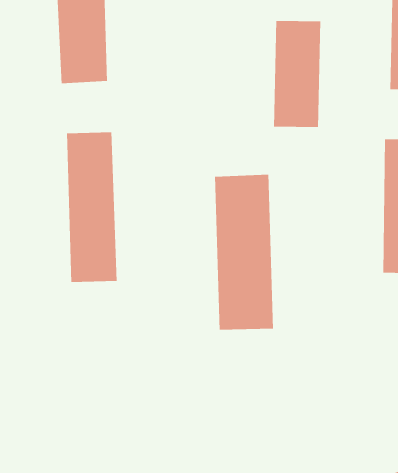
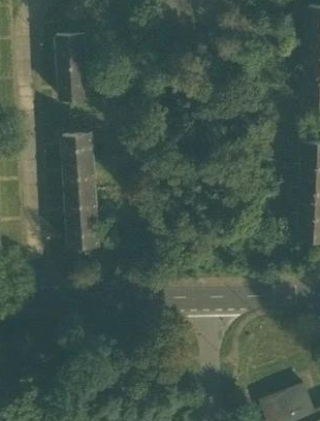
building: [273,20,321,128] -> none
building: [214,174,274,330] -> none

